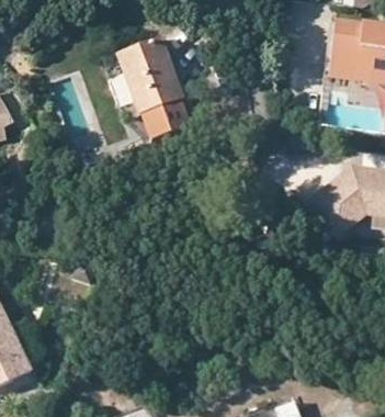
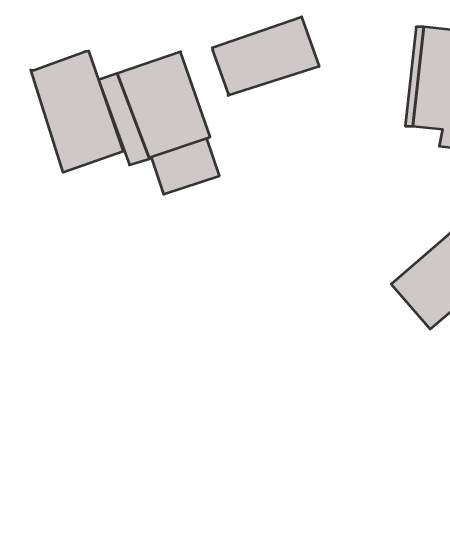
building: none -> [212,17,319,96]
building: none -> [31,51,123,172]

